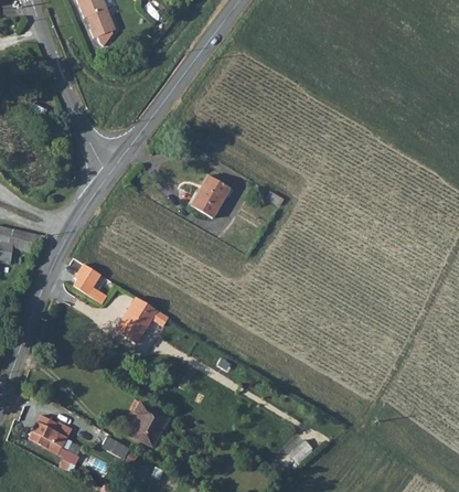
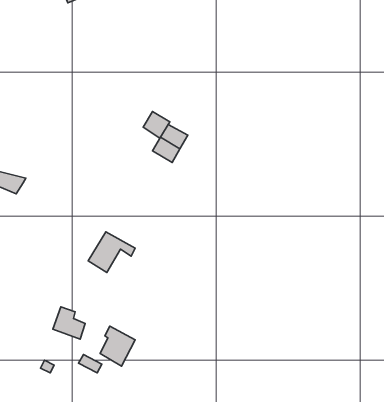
building: none -> [143,111,170,138]
building: [74,266,108,306] -> none
building: [26,409,63,446] -> [53,307,85,339]

